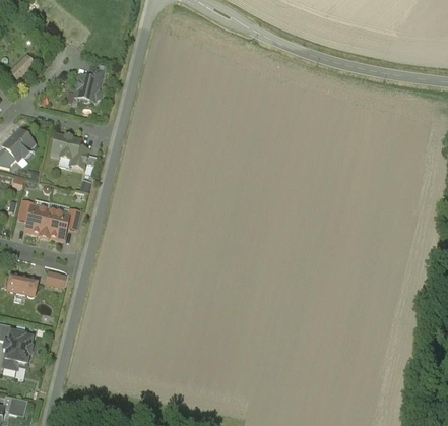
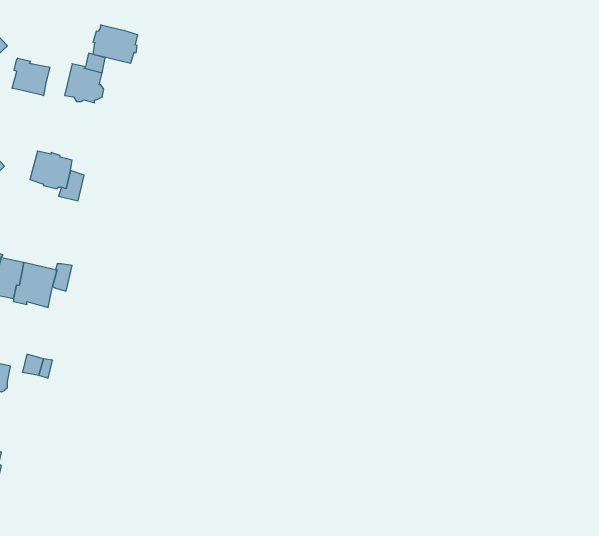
building: none -> [93,25,138,63]
building: none -> [12,58,50,96]

